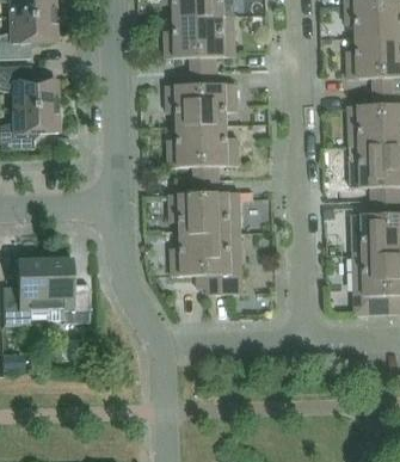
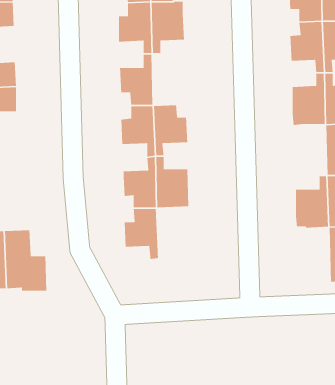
building: [202,70,238,125] -> none
building: [351,146,387,199] -> none
building: [207,233,244,295] -> none
building: [355,254,390,314] -> none

